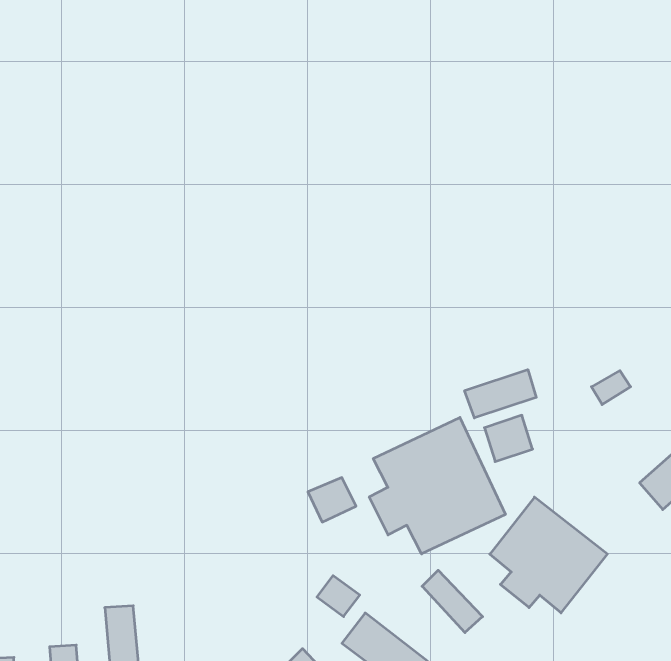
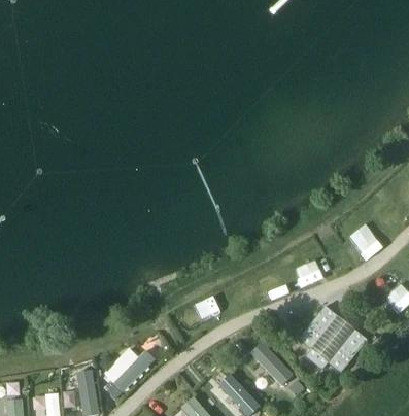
building: [465,370,536,418] -> none
building: [369,417,505,554] -> none
building: none -> [102,343,151,392]

